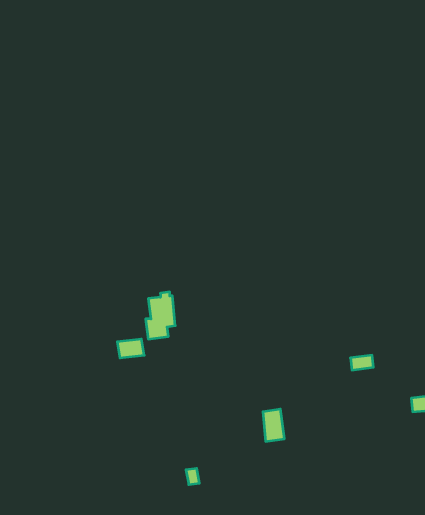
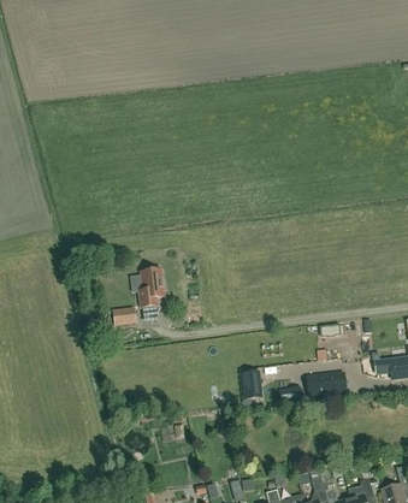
building: none -> [306,374,345,395]

